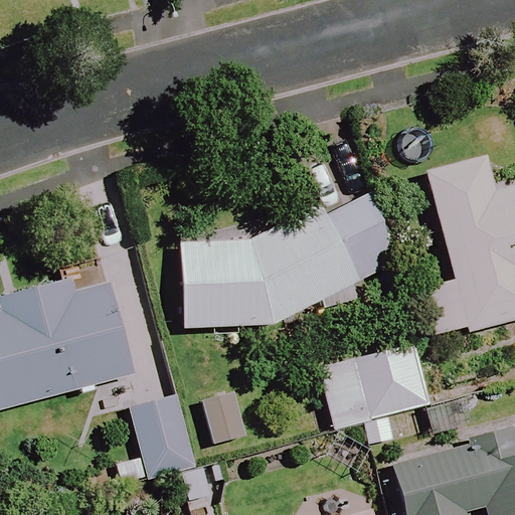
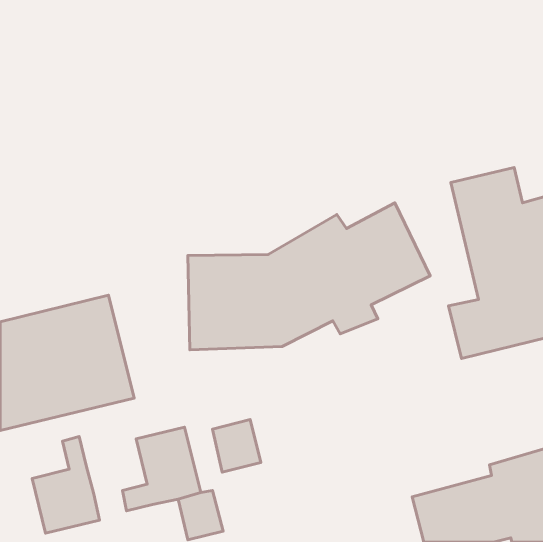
building: [320,343,427,444] -> none
building: none -> [32,436,99,533]

